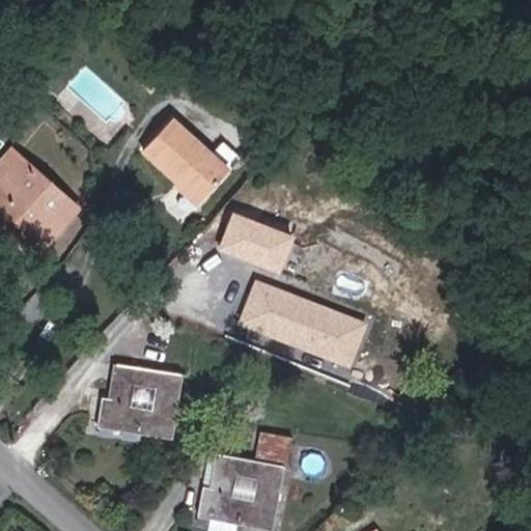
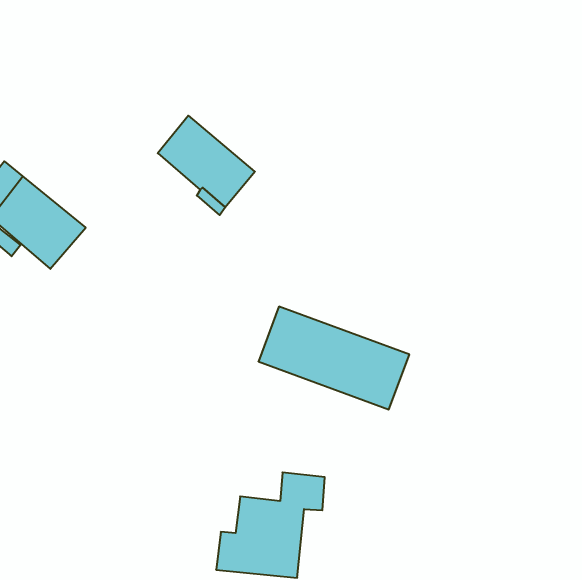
building: [215,216,291,272] -> none
building: [102,366,189,440] -> none

